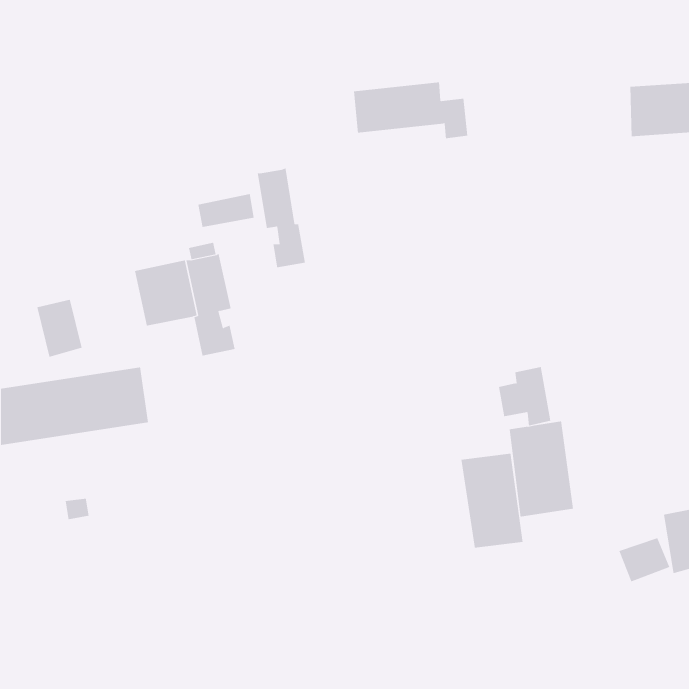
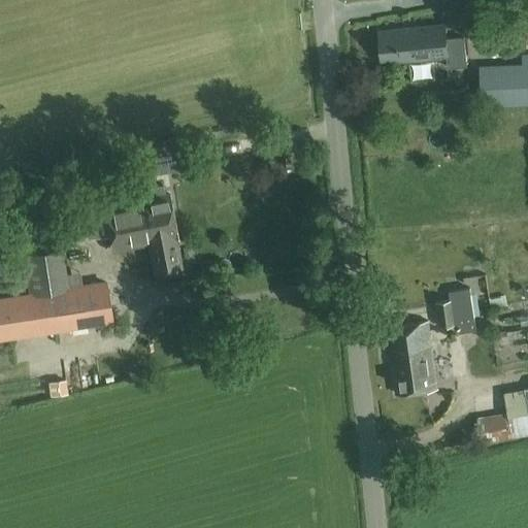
building: [353,82,468,139] -> [380,25,467,68]
building: [257,167,305,268] -> none
building: [498,367,551,426] -> [437,288,477,333]
building: [461,453,523,549] -> none

